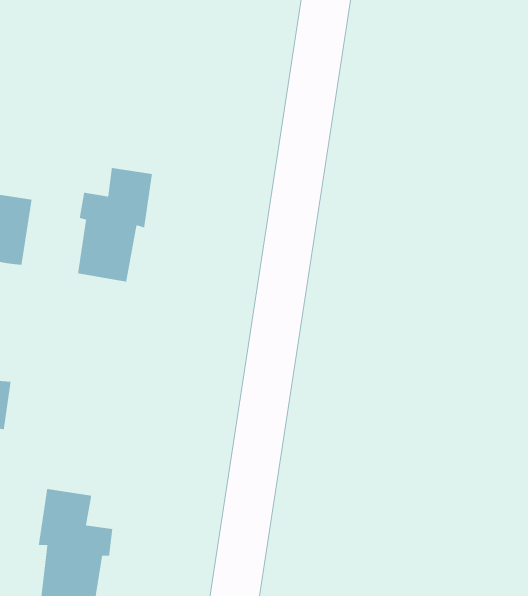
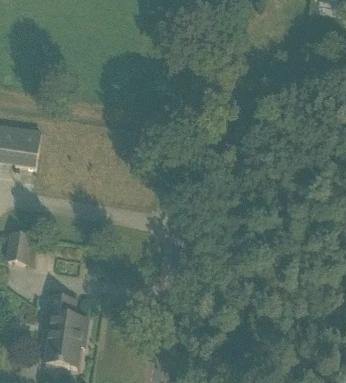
building: [77,167,153,282] -> none

